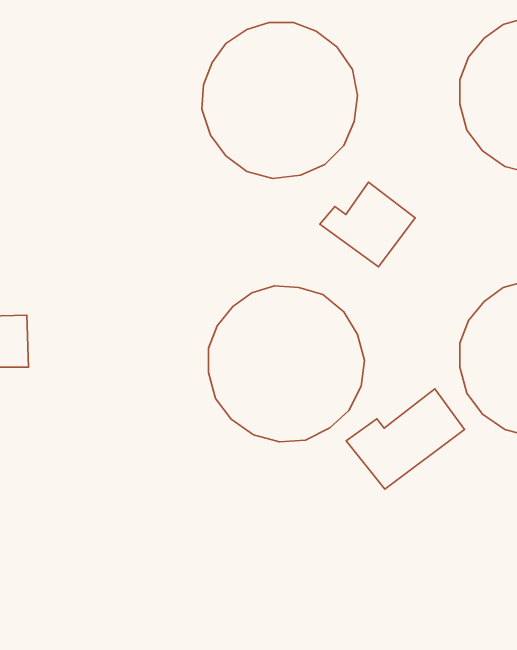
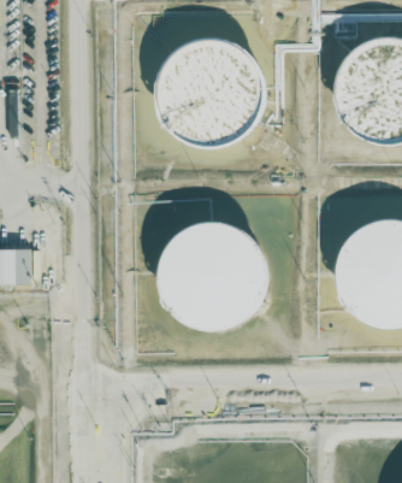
building: [320,182,415,267] -> none
building: [346,389,464,489] -> none

